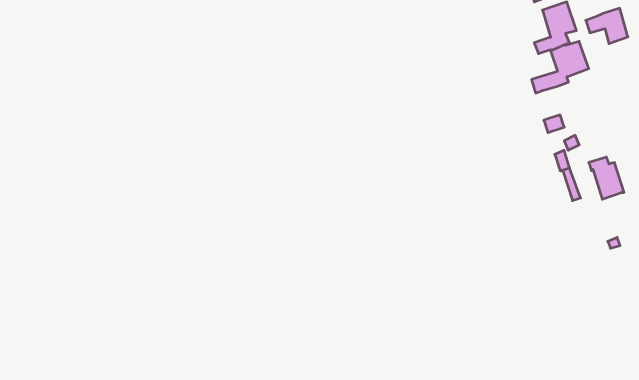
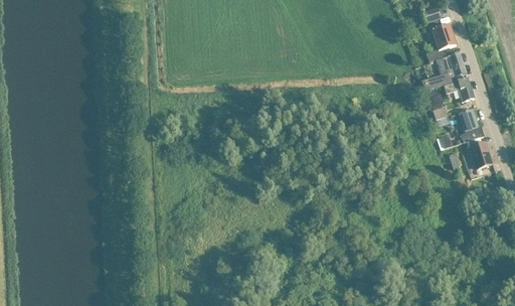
building: [586,8,628,44] -> [442,75,473,102]
building: none -> [457,108,482,142]

